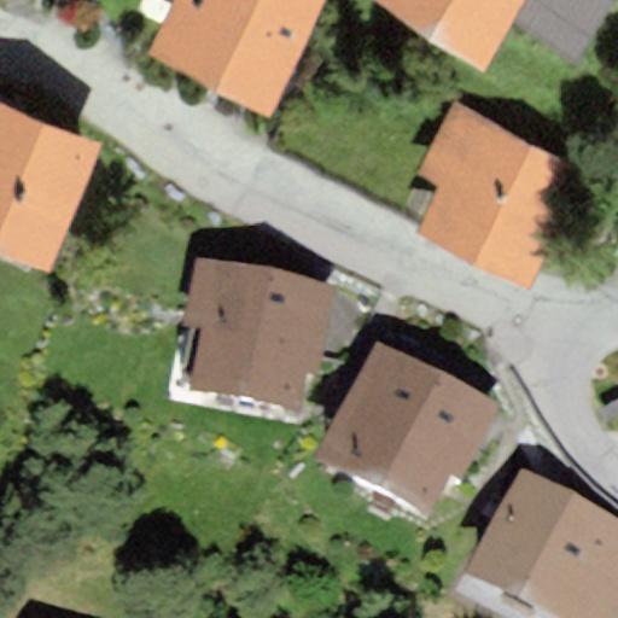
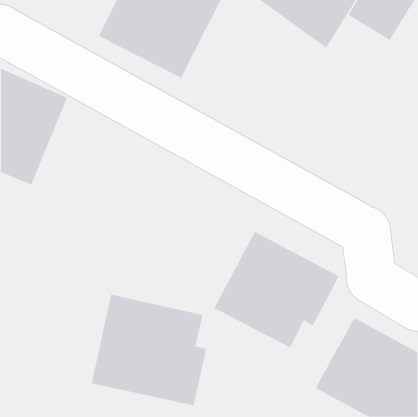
building: [416,101,587,288] -> none
building: [181,257,333,408] -> none
building: none -> [91,294,207,406]

